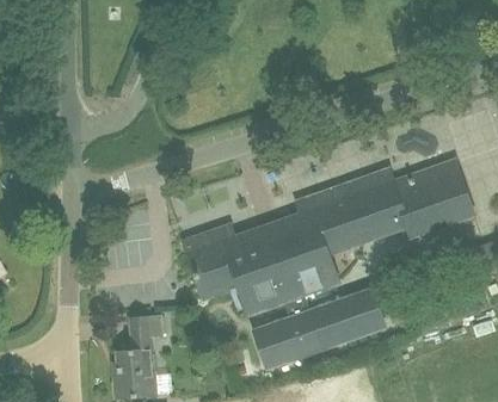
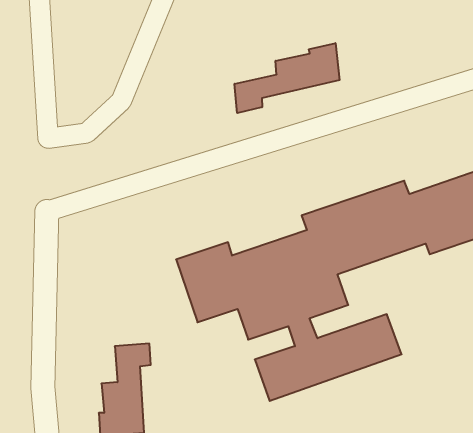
building: none -> [235,43,340,113]

